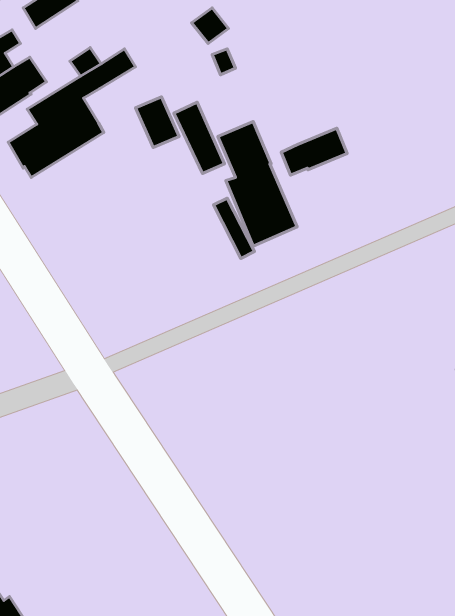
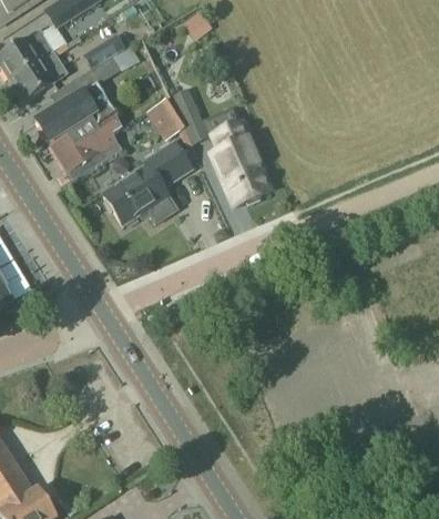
building: [281,128,347,175] -> none
building: none -> [57,112,124,179]
building: none -> [103,139,193,223]

